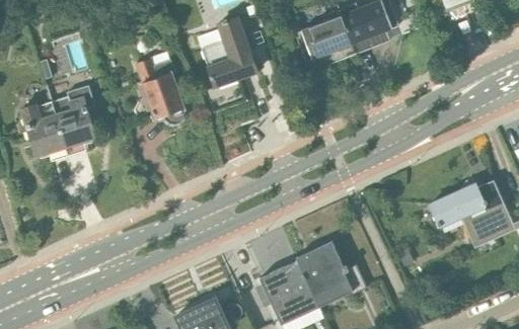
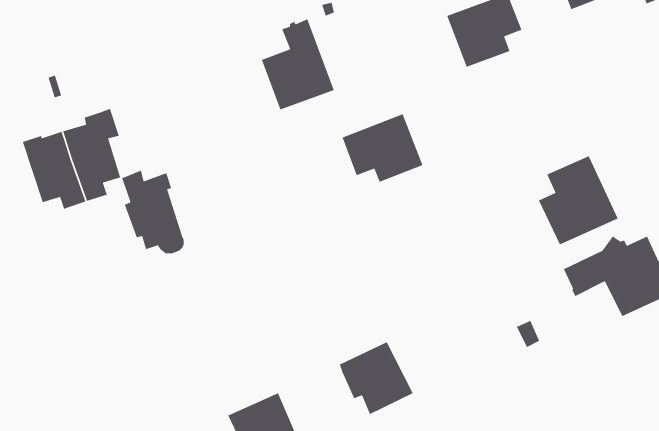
building: [295,15,357,68] -> [342,113,423,183]
building: [137,59,184,122] -> [121,170,184,254]
building: none -> [538,155,619,246]
building: [296,242,367,301] -> none

